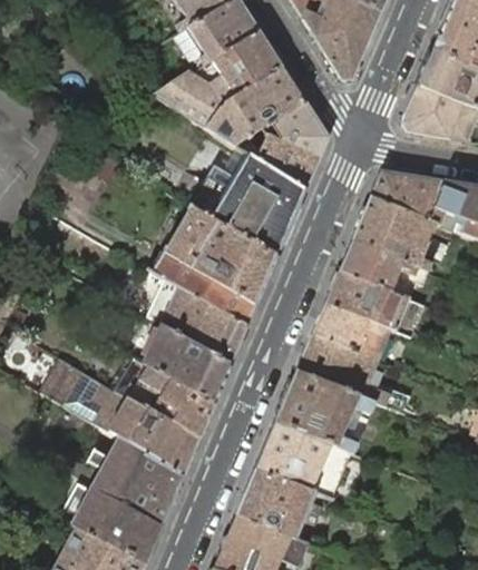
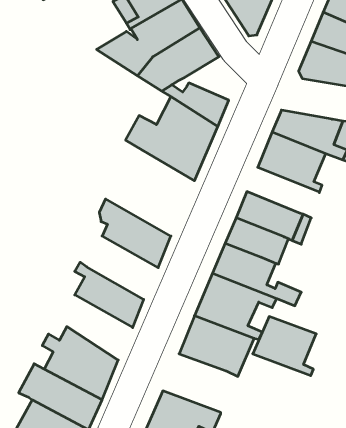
building: [263,104,326,157] -> none
building: [153,206,275,324] -> none
building: [340,239,428,296] -> none
building: [143,321,231,402] -> none
building: [41,357,199,476] -> none
building: [236,469,314,541] -> [253,317,316,376]

